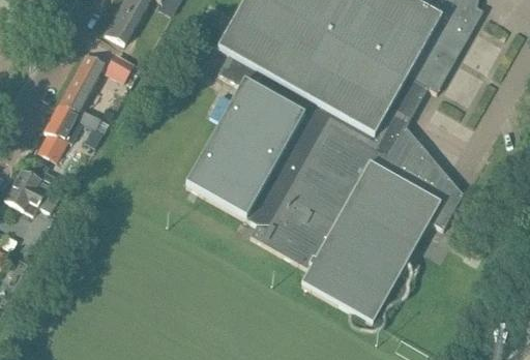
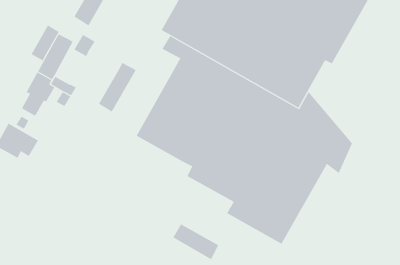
building: none -> [31,25,59,61]
building: none -> [98,62,136,112]
building: none -> [173,223,219,260]

